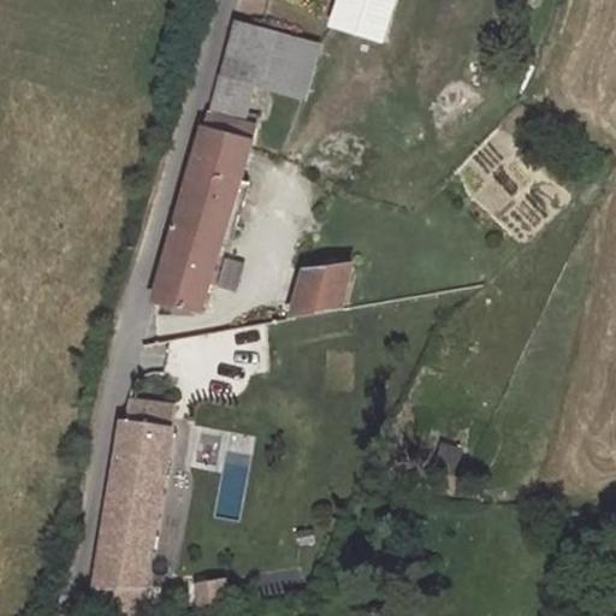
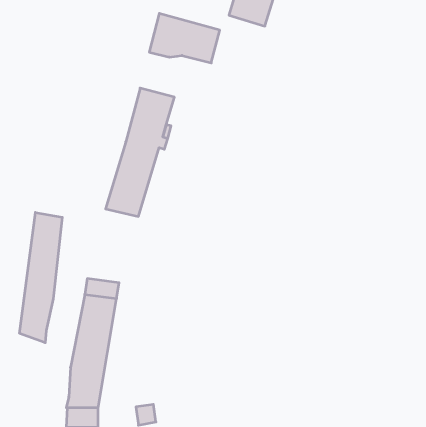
building: [201,75,257,140] -> none
building: [288,263,349,318] -> none
building: none -> [20,212,62,343]

